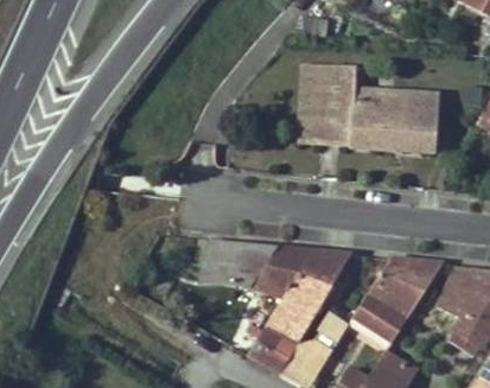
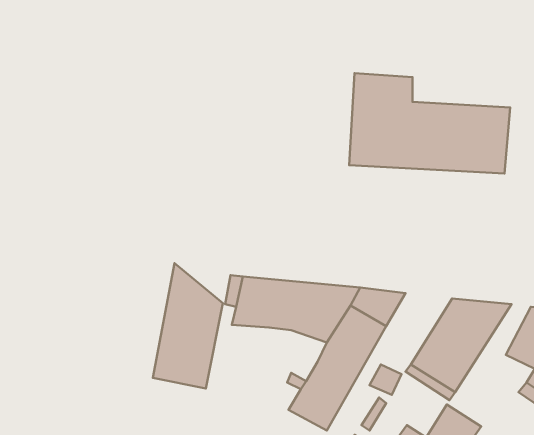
building: none -> [153,263,223,389]

